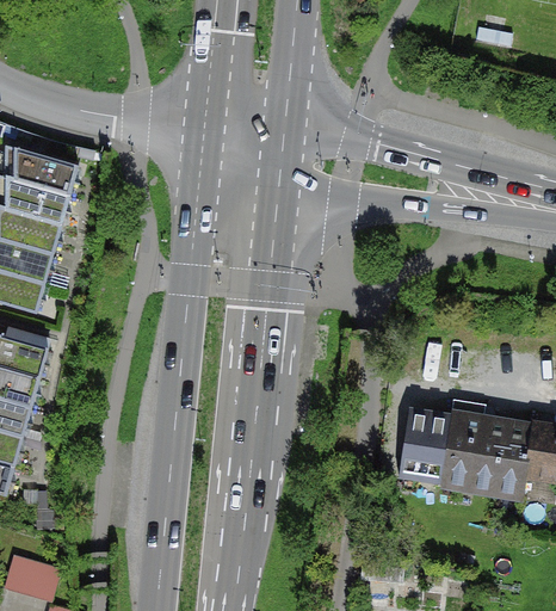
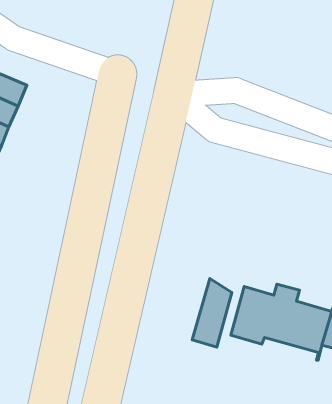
building: none -> [192,279,232,347]

